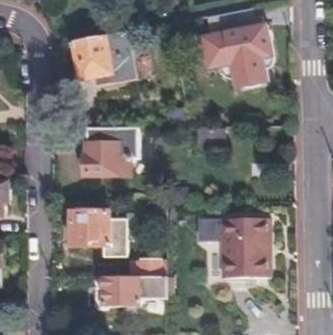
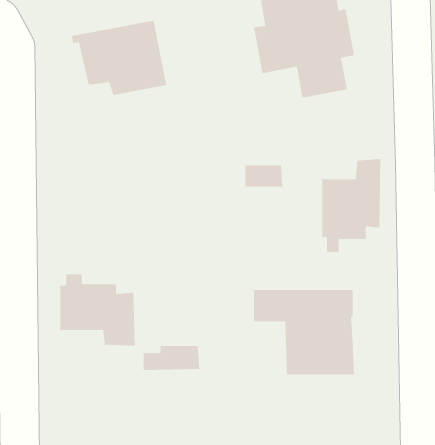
building: none -> [321,158,381,253]
building: [81,128,128,176] -> none
building: [101,278,164,306] -> none

